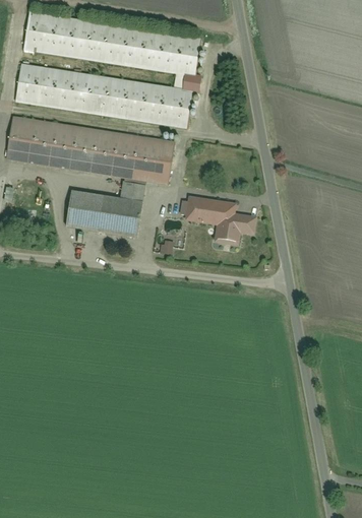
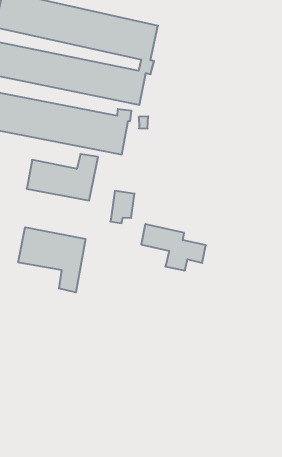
building: [185,196,255,244] -> [141,224,206,270]
building: none -> [18,227,86,292]

